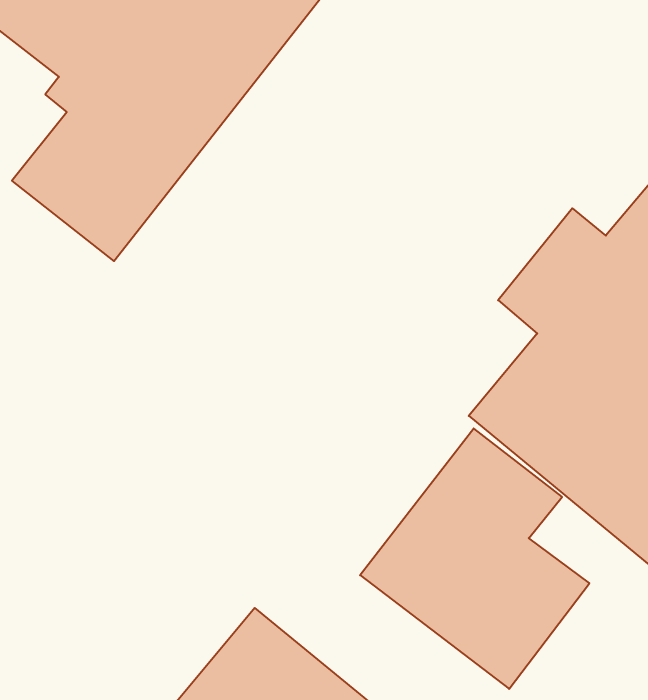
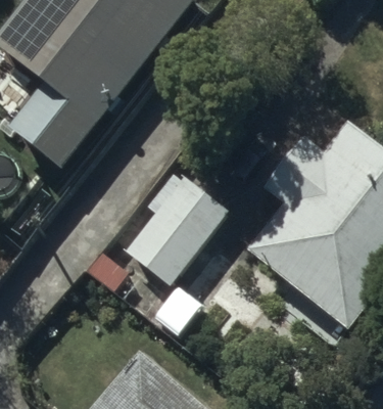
building: [360,428,589,689] -> [122,174,241,310]

